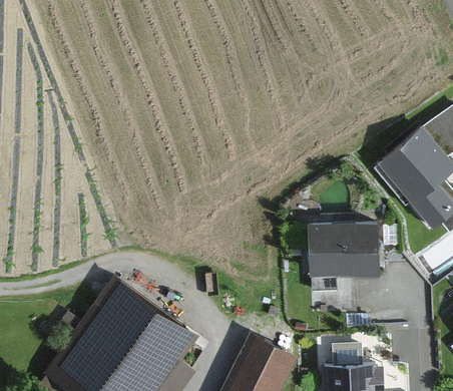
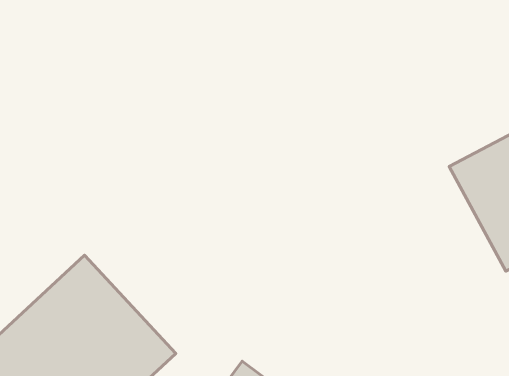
building: [307,223,380,294] -> none

